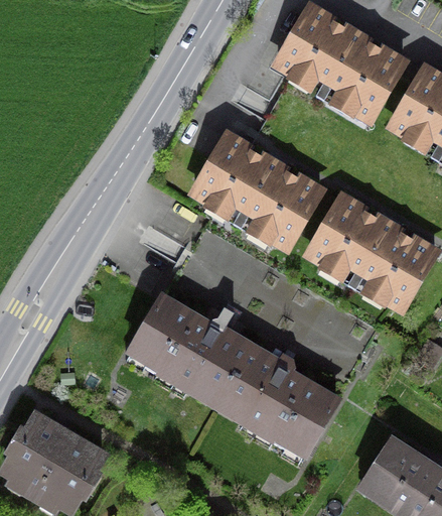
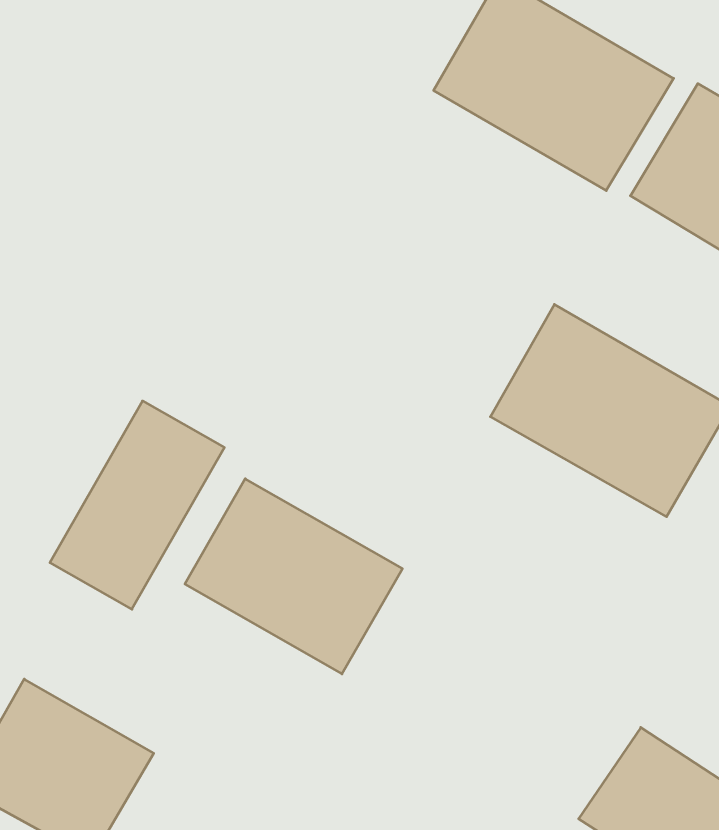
building: [188,129,326,252] -> none
building: none -> [50,401,224,609]
building: [215,346,341,460] -> none

